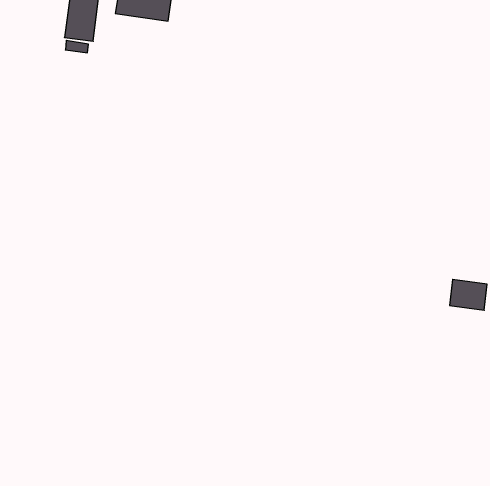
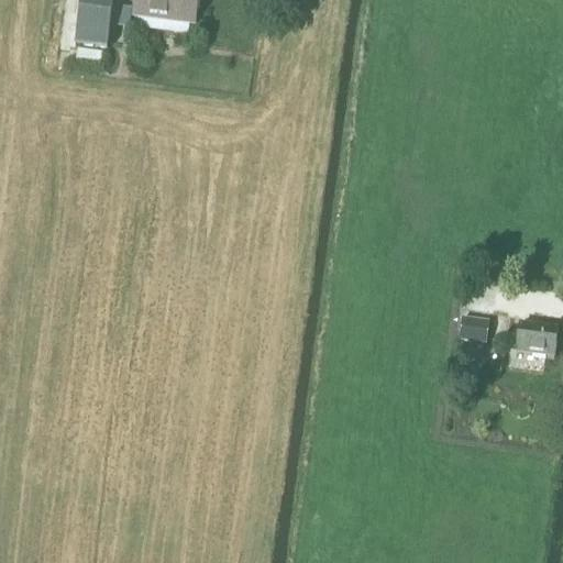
building: none -> [459,314,489,342]

